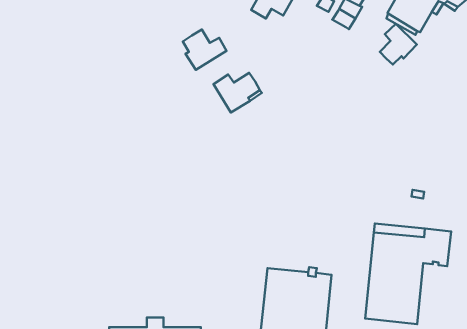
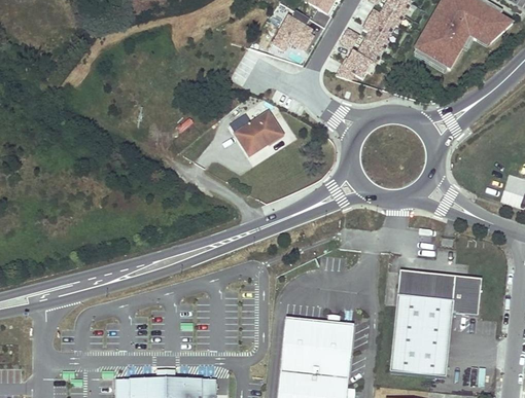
building: none -> [335,50,370,77]
building: [380,24,417,65] -> none
building: [183,30,226,70] -> none

